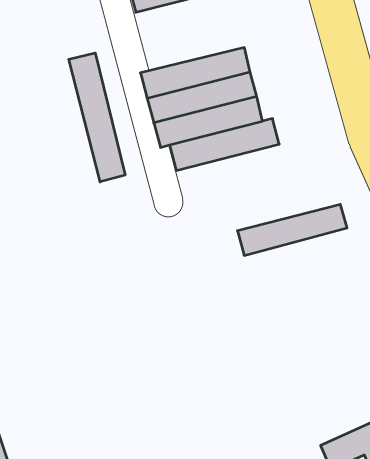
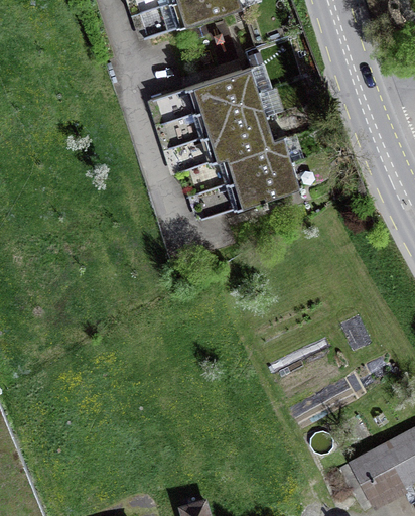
building: [69,53,125,182] -> none
building: [237,204,347,255] -> [188,163,298,220]

